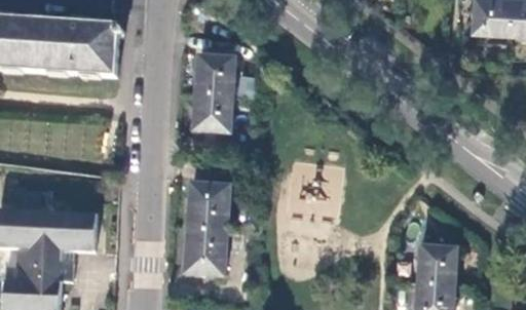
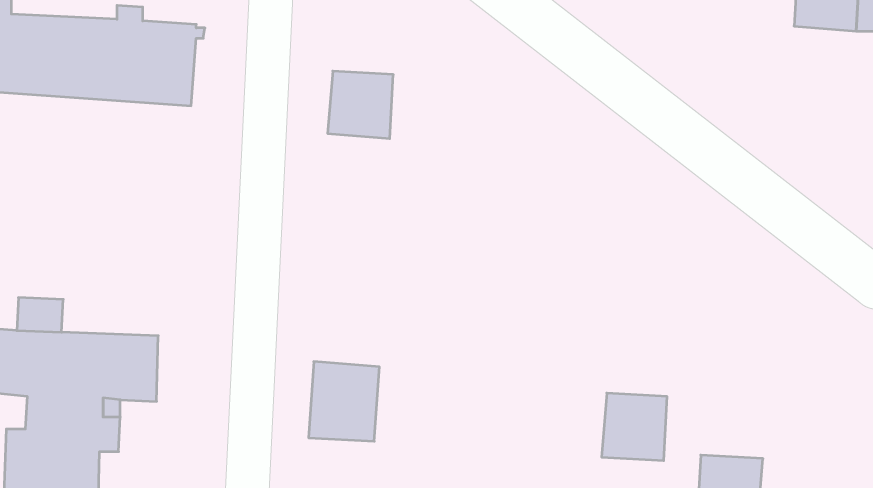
building: [193,92,232,132] -> none
building: [187,183,229,231] -> none
building: [417,245,456,285] -> [602,393,667,461]

